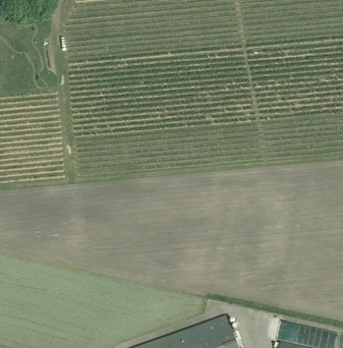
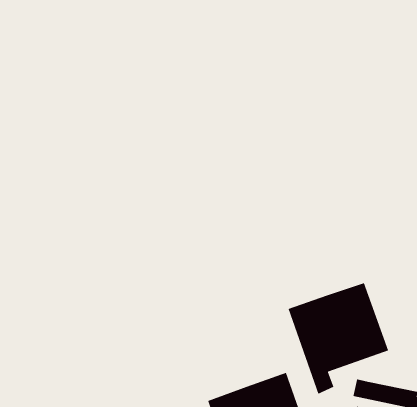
building: none -> [287,282,389,395]

